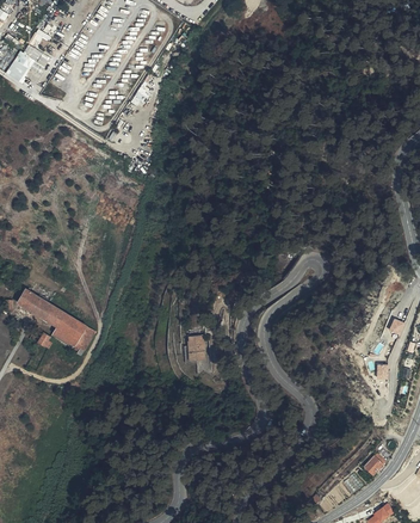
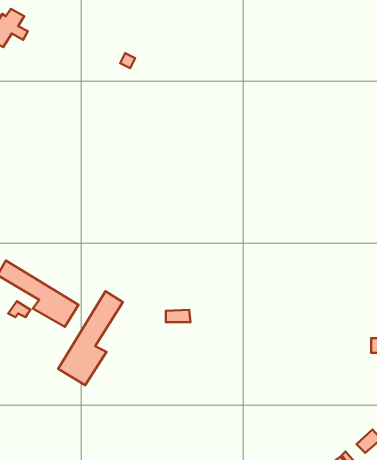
building: none -> [58,291,123,385]

